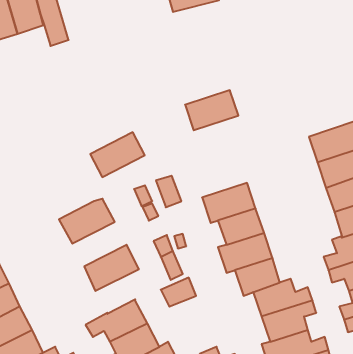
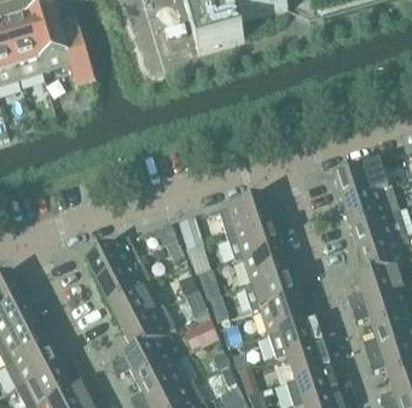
building: [185,90,238,130] -> [217,194,271,234]
building: [90,132,145,177] -> [97,258,151,303]
building: none -> [120,305,174,350]

